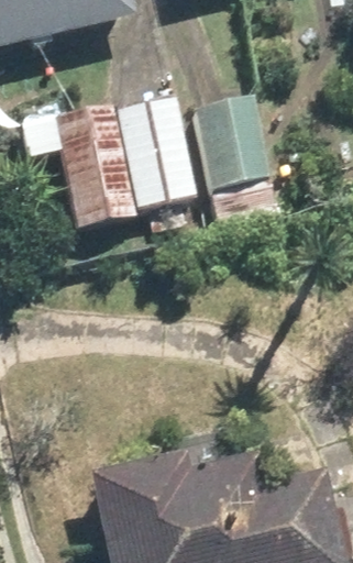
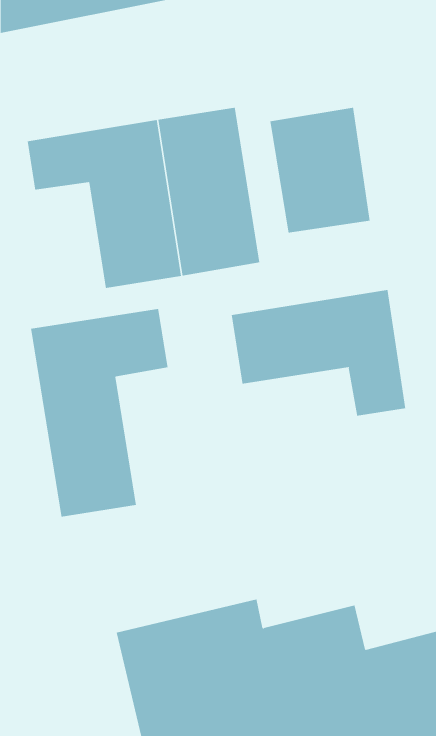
building: none -> [231,289,406,417]
building: none -> [31,308,168,518]

